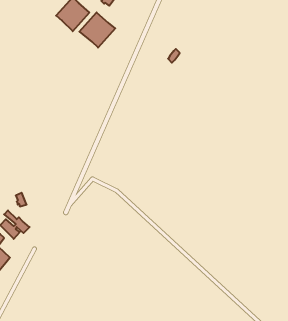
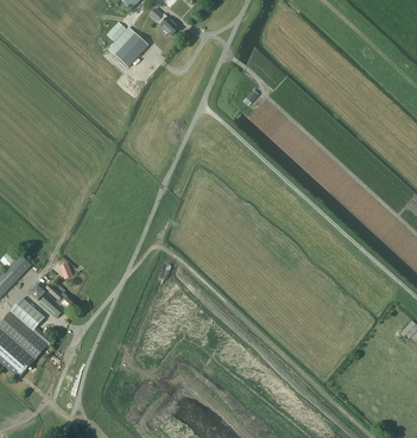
building: [79,12,115,48] -> none

